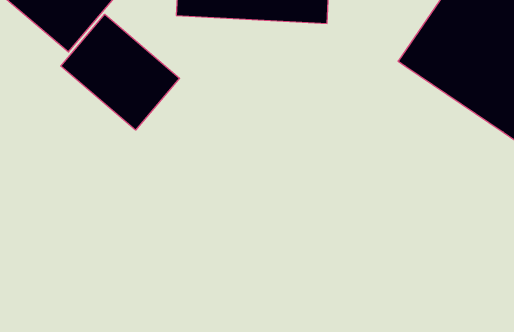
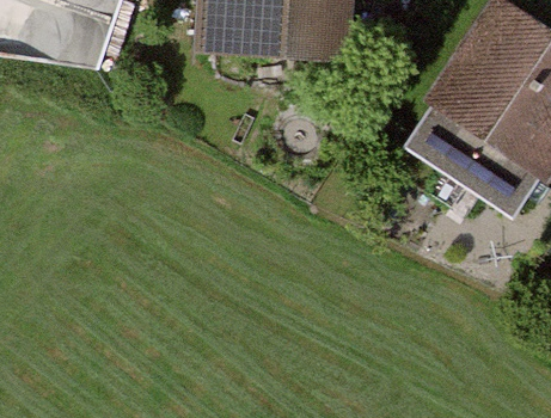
building: [61,14,180,130] -> none
building: none -> [404,102,537,213]

